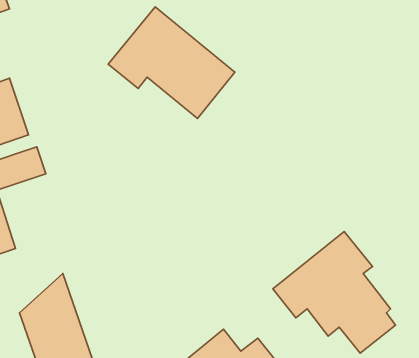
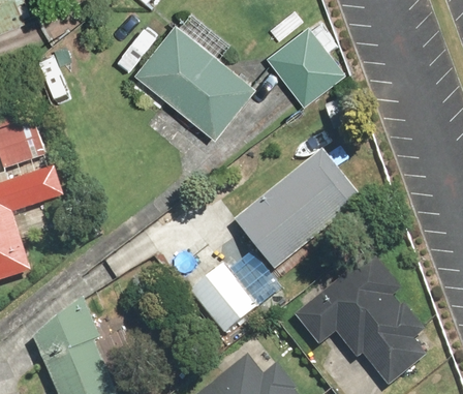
building: none -> [268,21,341,102]
building: none -> [233,146,361,269]
building: none -> [189,263,259,335]

